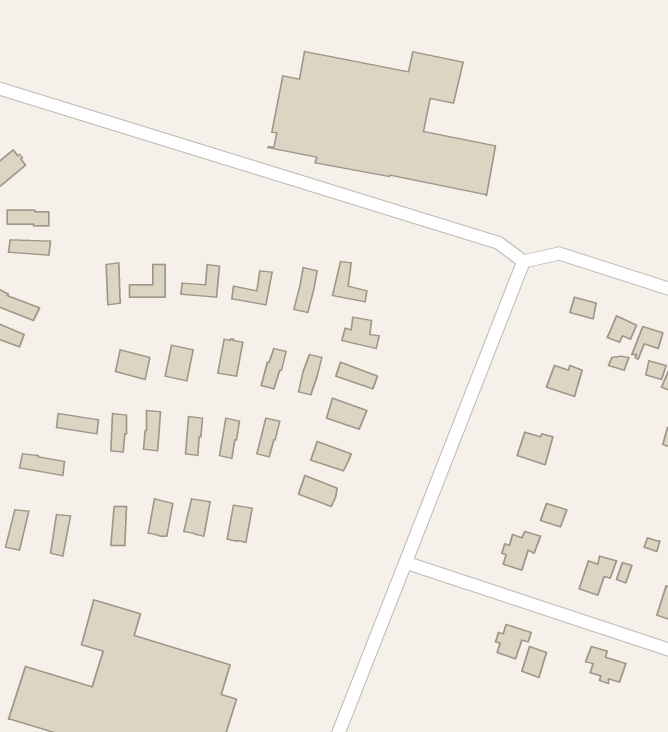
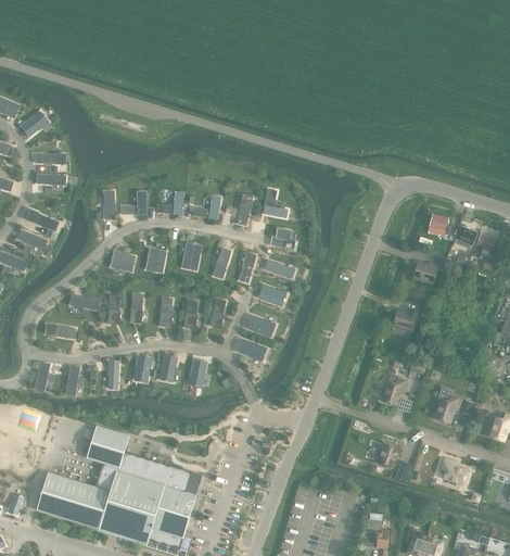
building: [268,52,496,195] -> none

